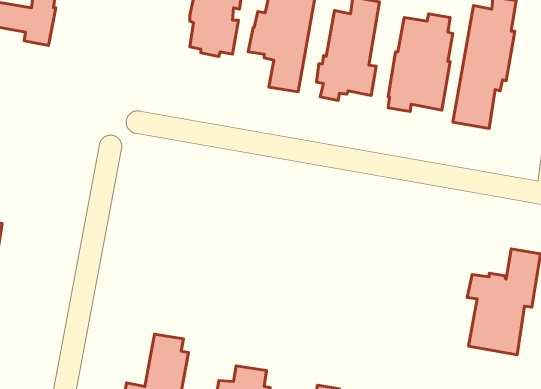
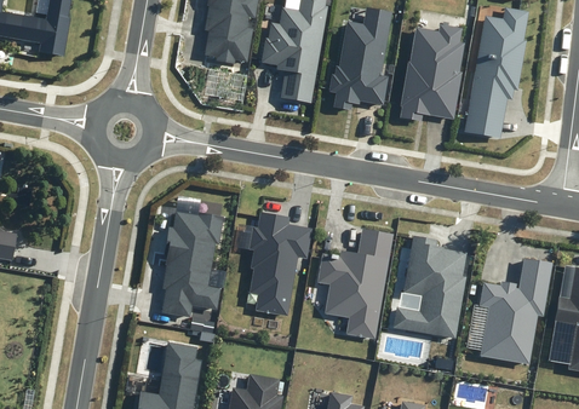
building: none -> [160,212,223,318]
building: none -> [247,212,313,316]
building: none -> [316,227,392,339]
building: none -> [392,236,468,339]

